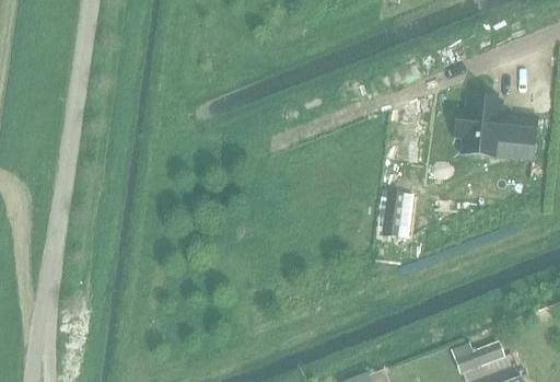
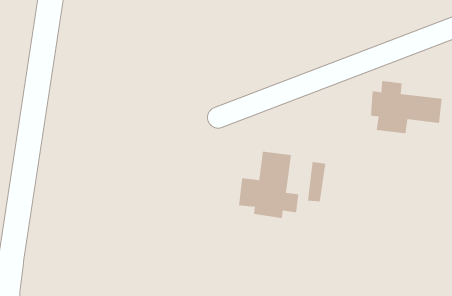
building: none -> [239,151,299,219]

